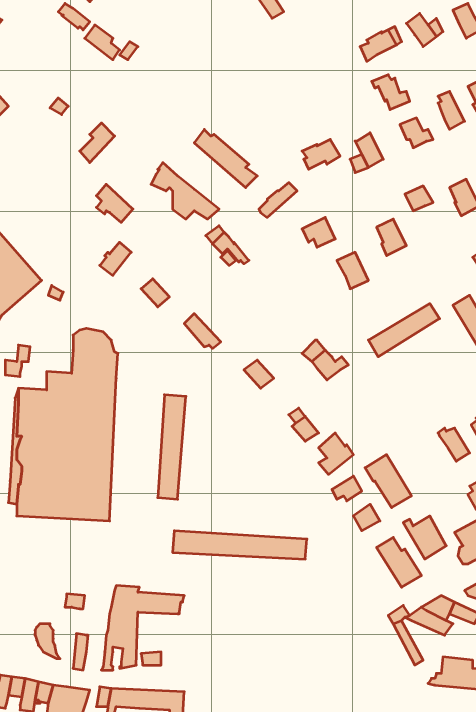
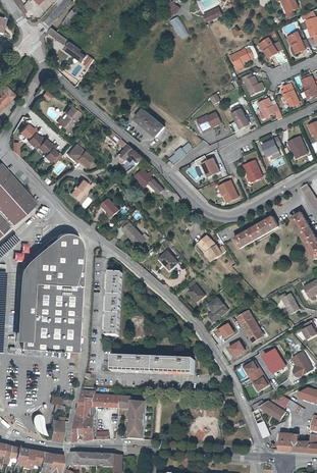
building: none -> [20,123,62,162]
building: none -> [22,235,56,269]
building: none -> [121,396,148,438]

